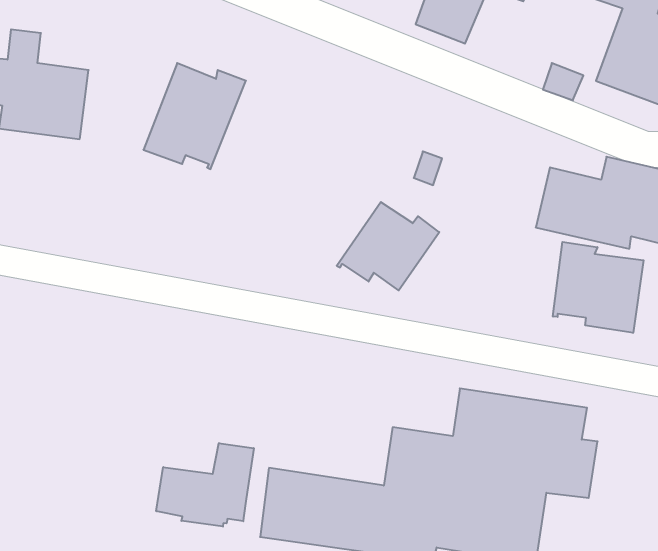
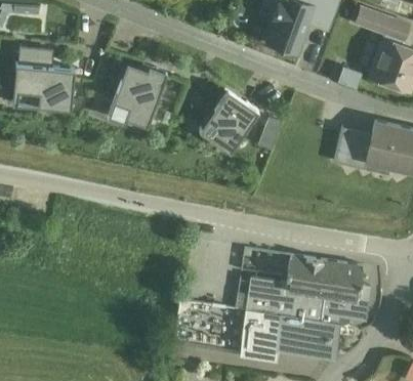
building: [337,202,439,290] -> [199,93,258,144]
building: [553,242,644,333] -> none
building: [156,443,254,527] -> none

